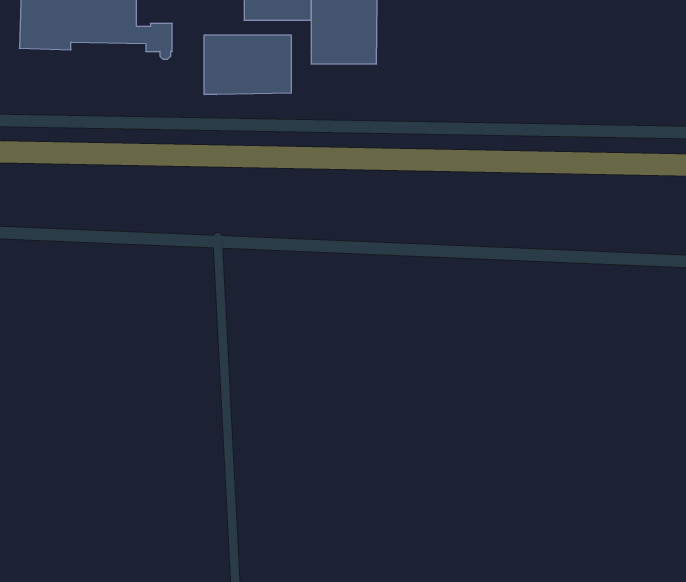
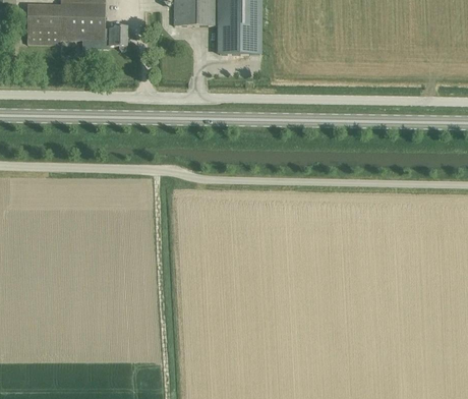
building: [204,35,291,95] -> none

